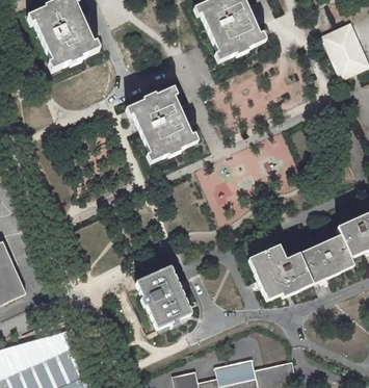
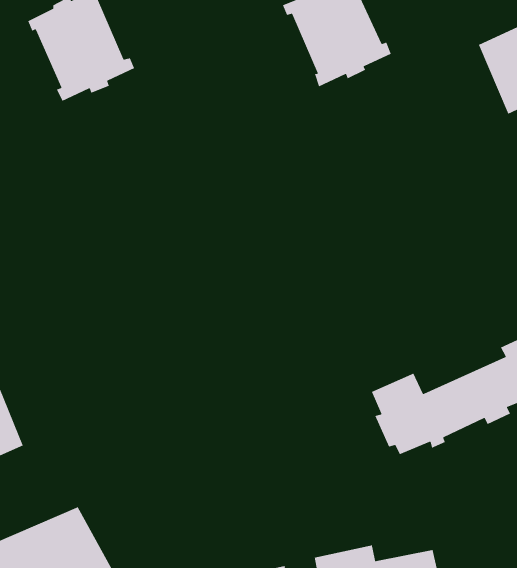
building: [123,80,193,156] -> none
building: [135,267,190,331] -> none

